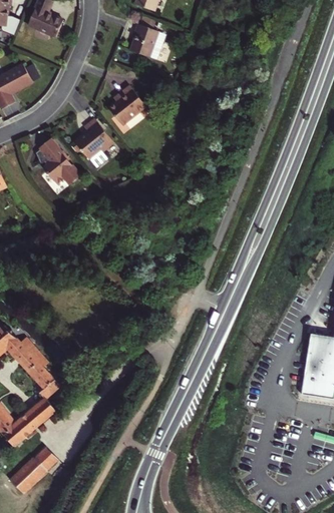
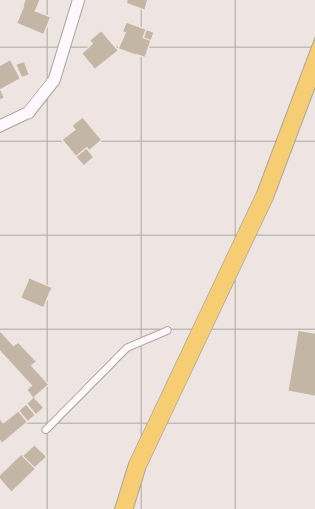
building: [108,85,145,124] -> [81,30,119,70]
building: [37,138,81,184] -> none
building: none -> [20,278,52,308]

